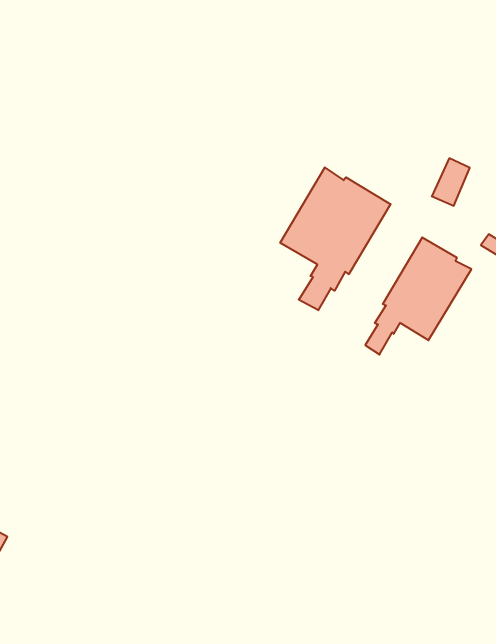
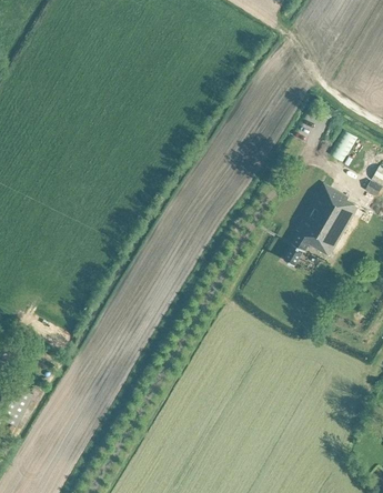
building: [280,167,391,310] -> none

